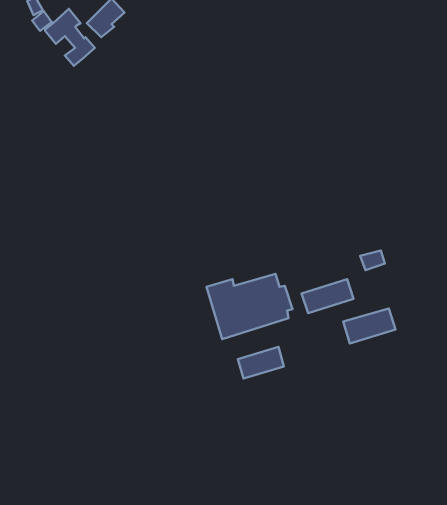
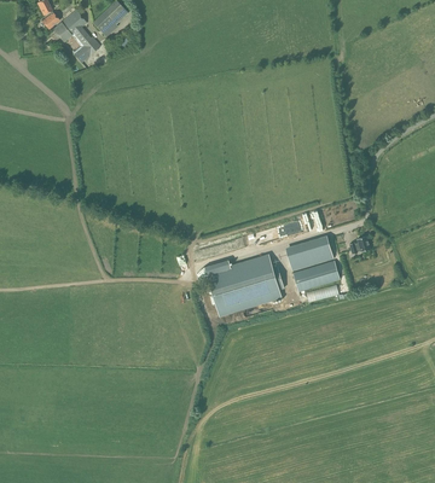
building: [343,309,395,344] -> [285,238,334,270]
building: [238,347,284,378] -> none

